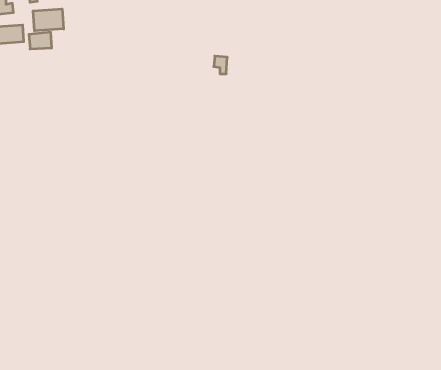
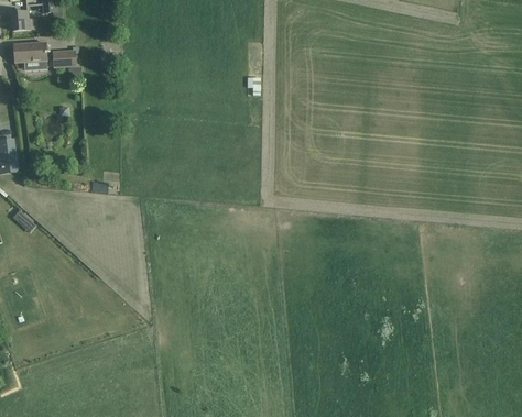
building: [33,9,64,31] -> none

